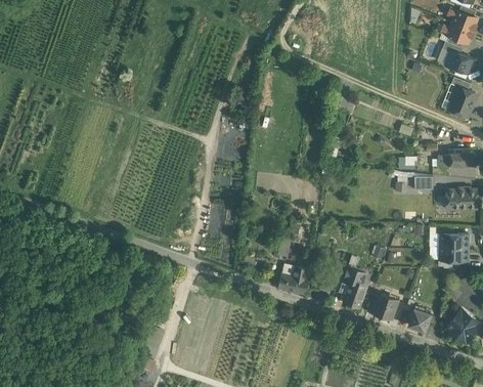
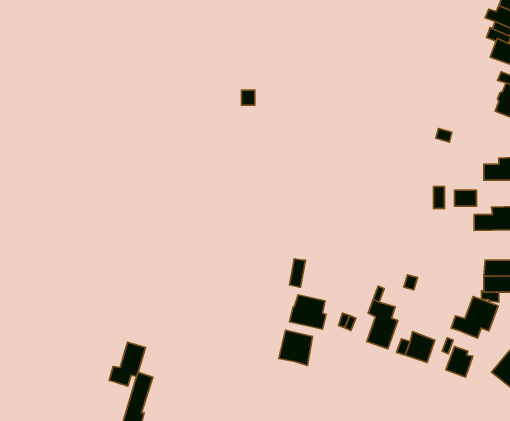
building: none -> [451,297,498,338]
building: none -> [279,330,313,365]
building: none -> [109,342,145,386]

